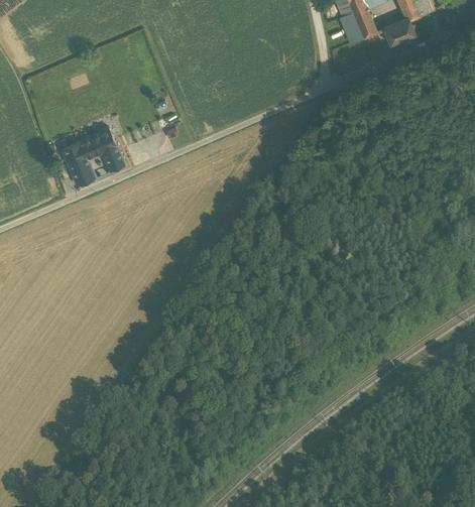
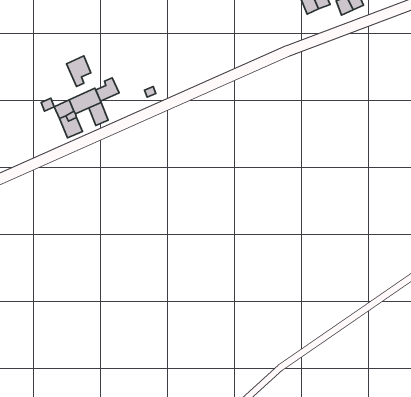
building: none -> [66,56,91,86]
building: none -> [96,78,119,101]

